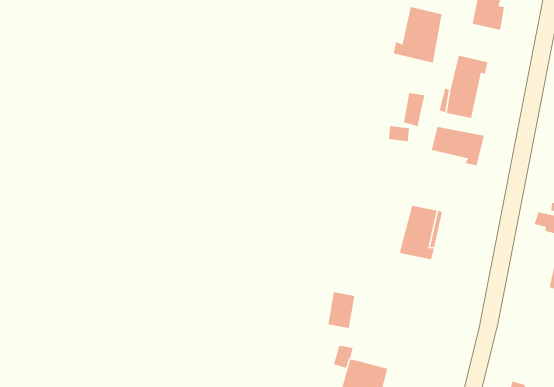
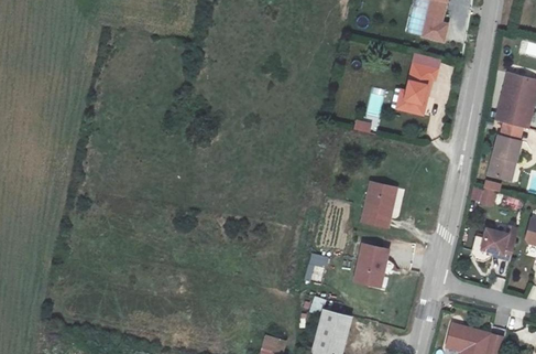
building: [393,6,442,64] -> none
building: [431,126,484,166] -> none
building: none -> [354,244,389,286]

